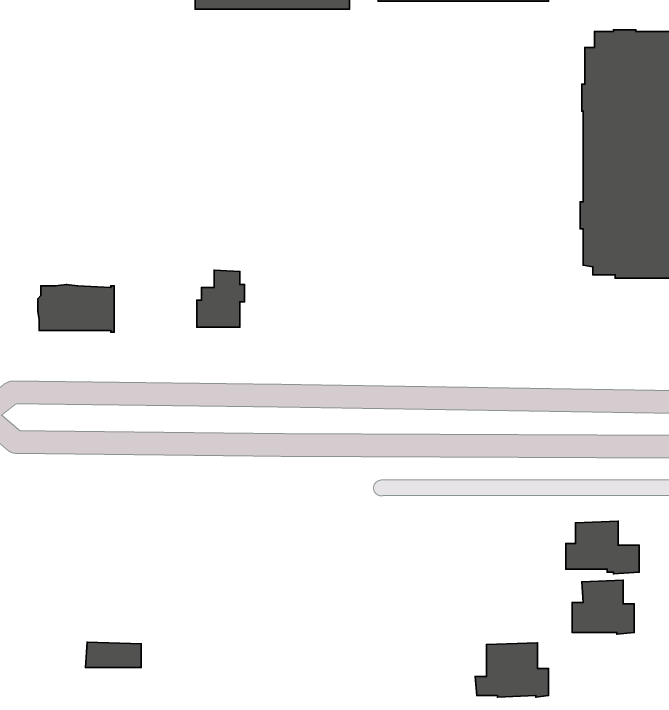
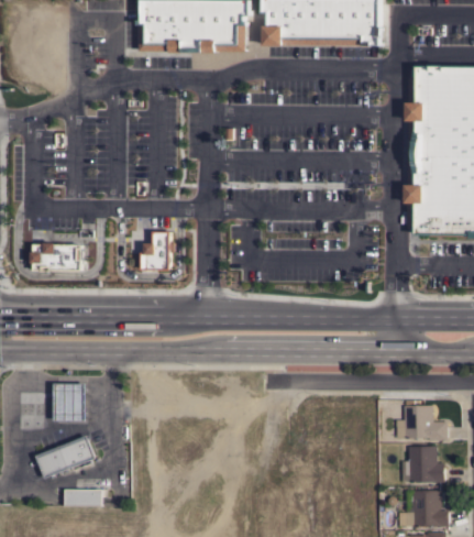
building: none -> [55,383,87,420]
building: none -> [37,436,97,479]
building: [475,643,548,697] -> [398,490,449,527]

